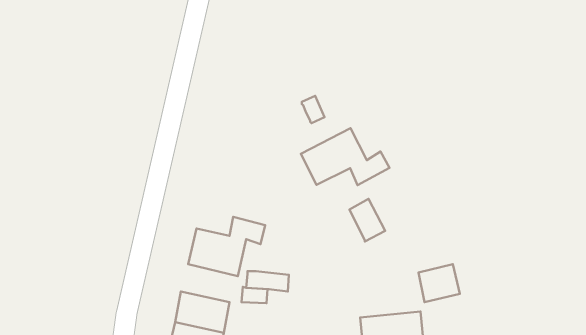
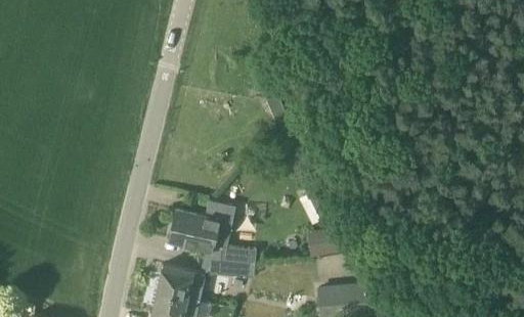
building: [301,128,389,185] -> none
building: [418,264,460,302] -> [306,224,342,257]

